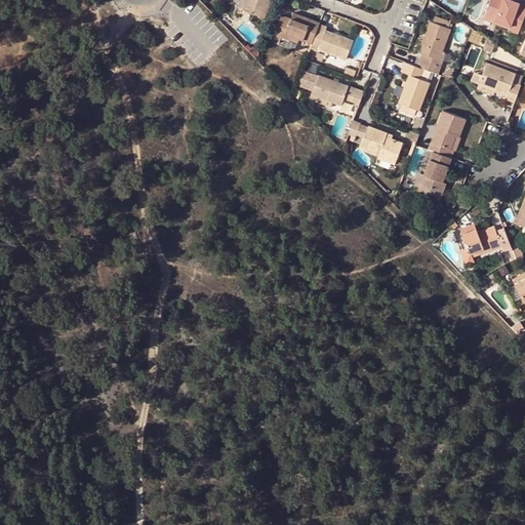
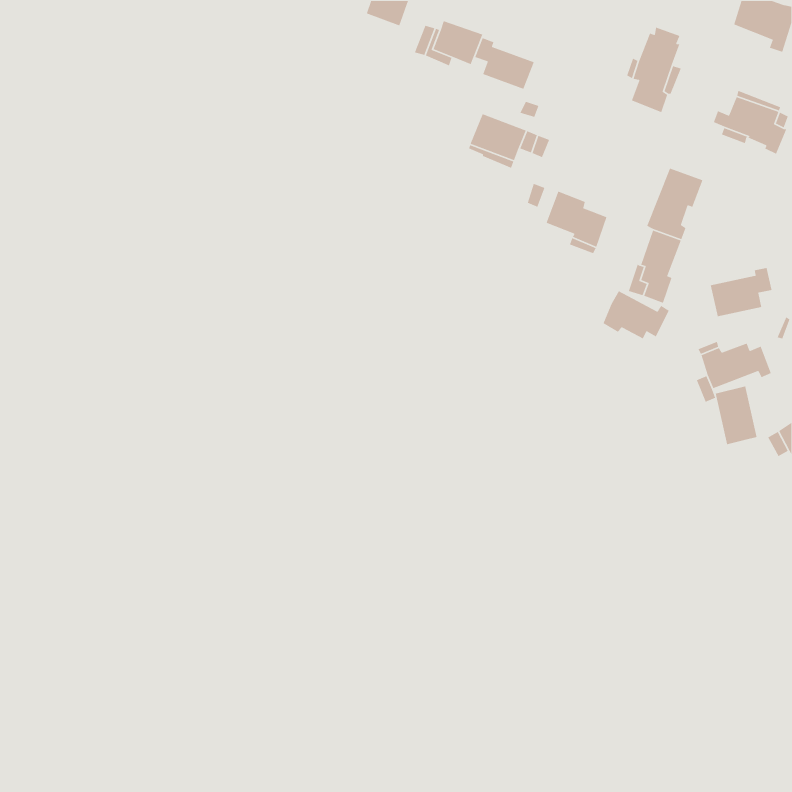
building: [399,63,430,111] -> none
building: none -> [710,267,772,317]
building: none -> [602,290,670,340]
building: none -> [715,386,757,445]

